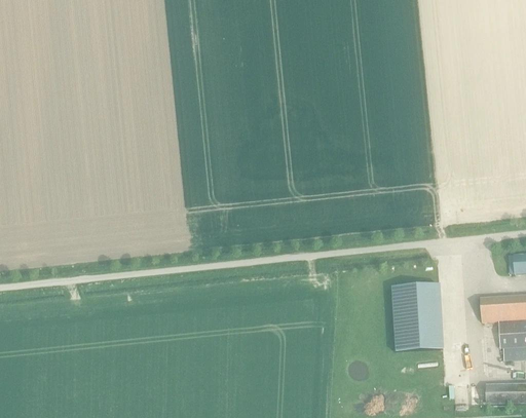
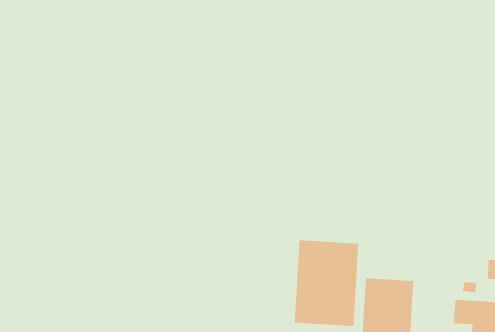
building: none -> [294,239,359,327]

